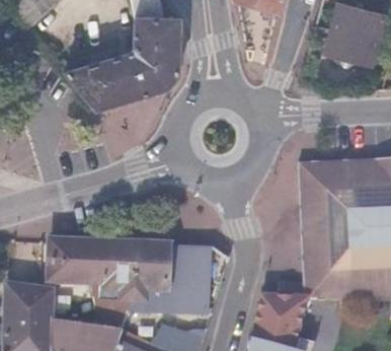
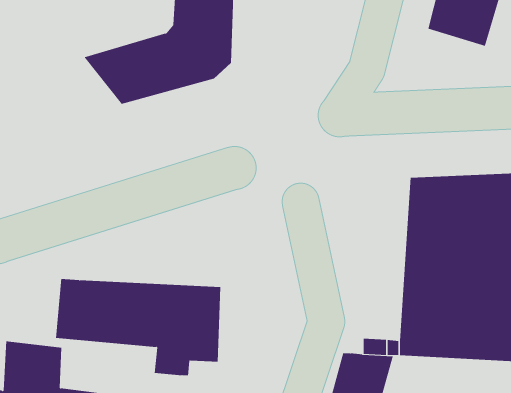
building: [141,243,213,319] -> none

